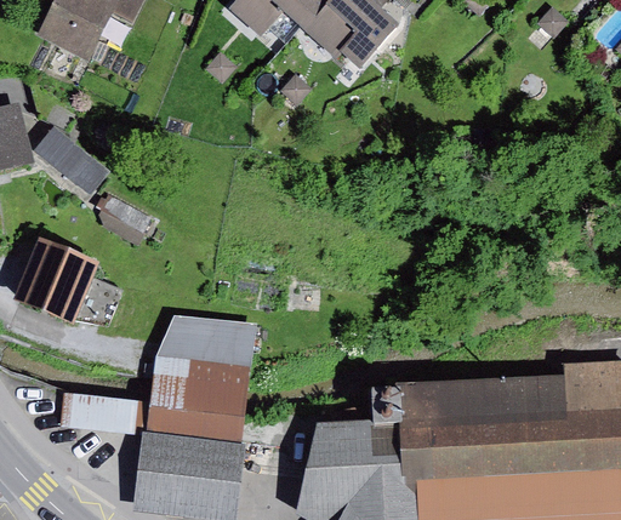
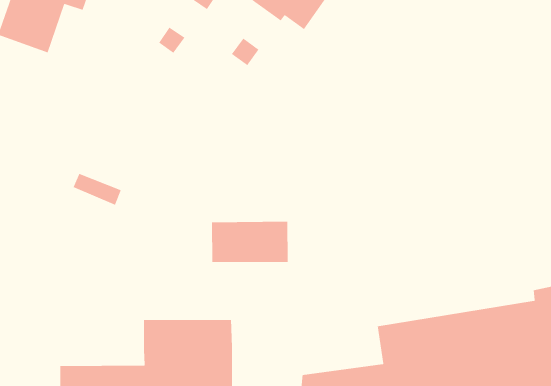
building: [35,128,108,194] -> none
building: [18,240,119,321] -> none
building: [169,310,253,362] -> [211,221,289,263]

